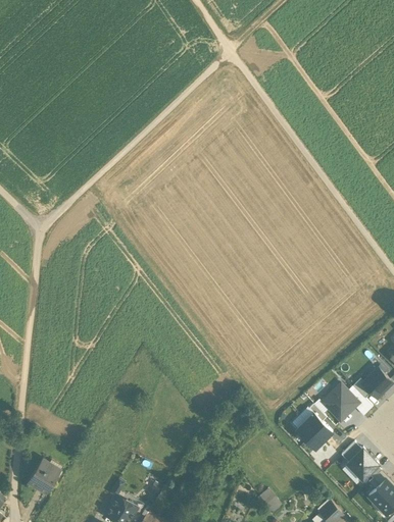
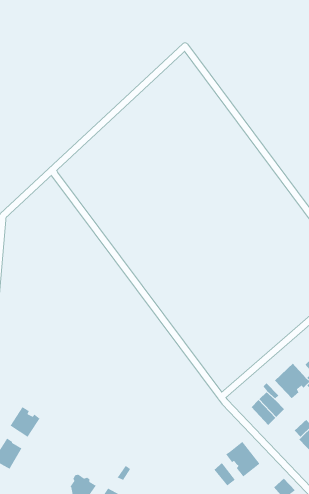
building: none -> [9,406,41,438]
building: none -> [225,441,261,477]

